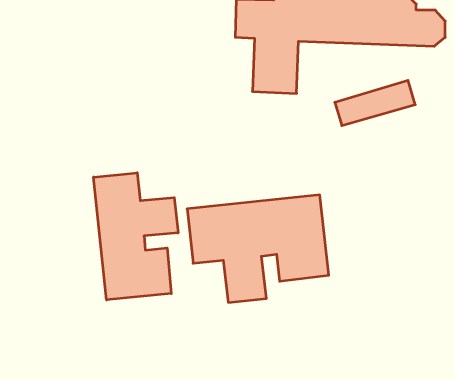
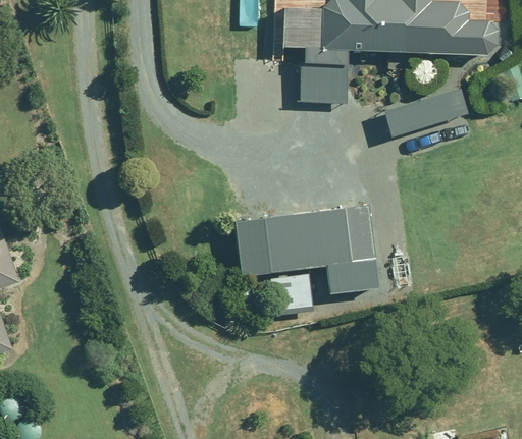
building: [94,173,178,300] -> none

